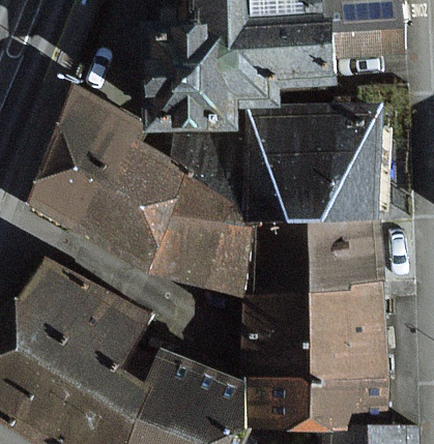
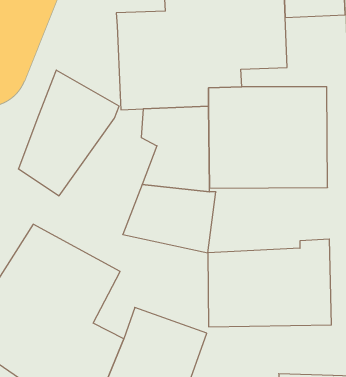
building: [81,141,191,271] -> none
building: [248,218,384,292] -> none
building: [249,373,387,423] -> none

